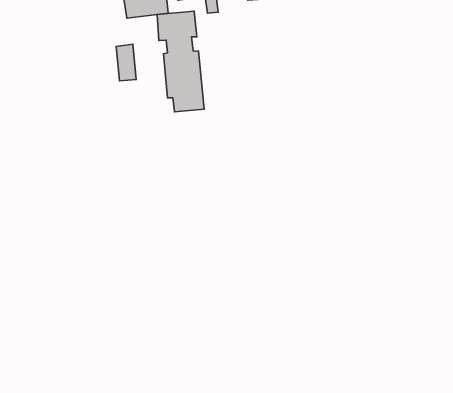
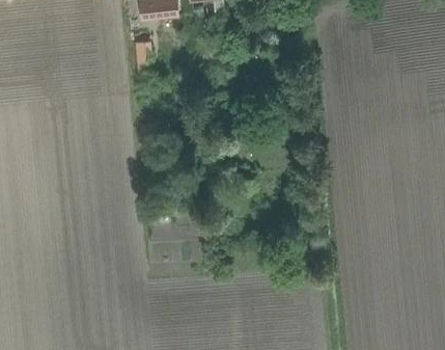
building: [157,11,204,112] -> none

